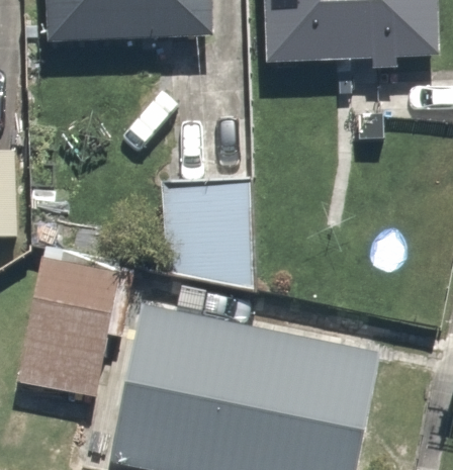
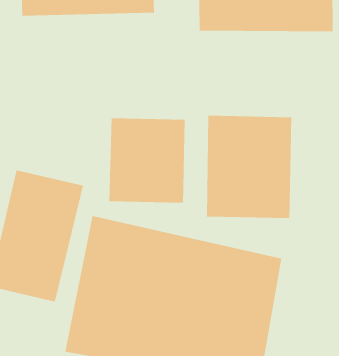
building: none -> [207,115,292,219]

